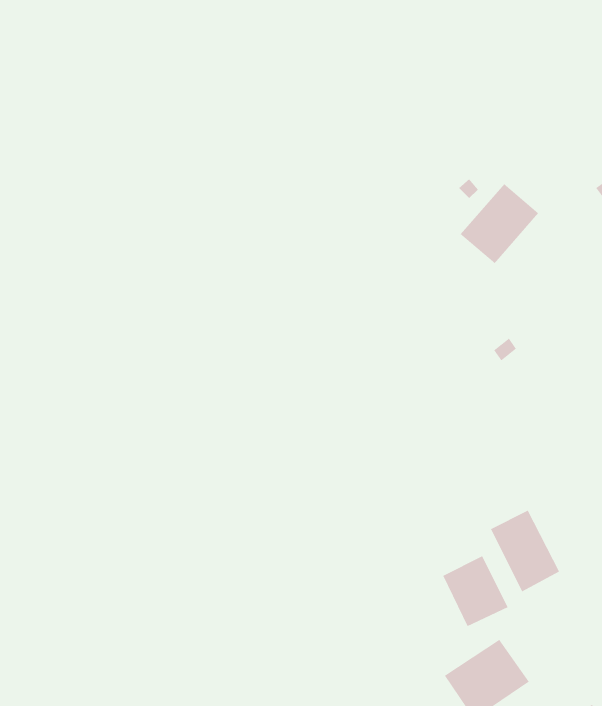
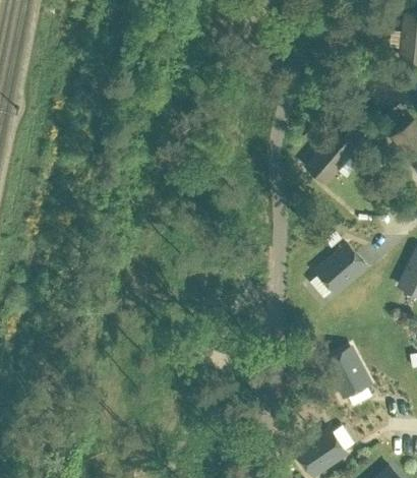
building: none -> [315,244,368,296]
building: [442,555,509,627] -> none

